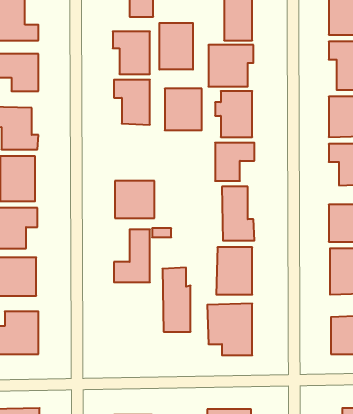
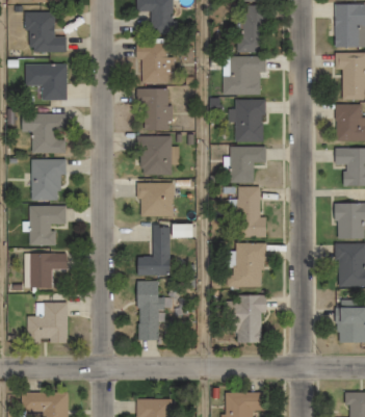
building: [159,23,193,70] -> none
building: [165,89,202,130] -> [137,136,172,175]
building: [162,268,191,332] -> [136,281,162,340]

